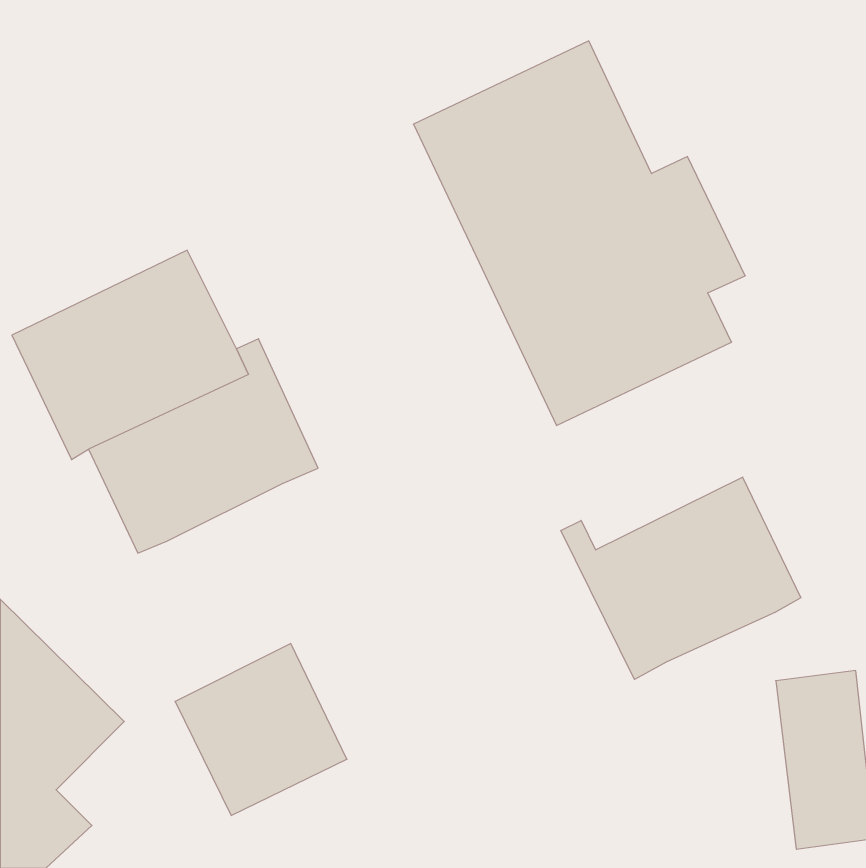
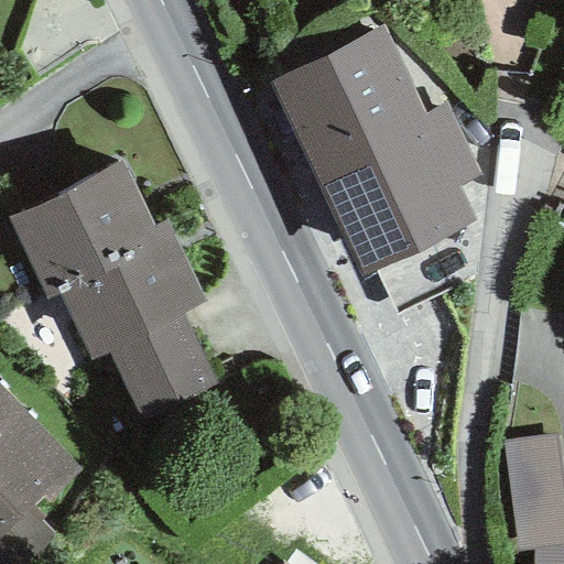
building: [561,477,801,679] -> none
building: [175,644,347,815] -> [110,313,221,424]

